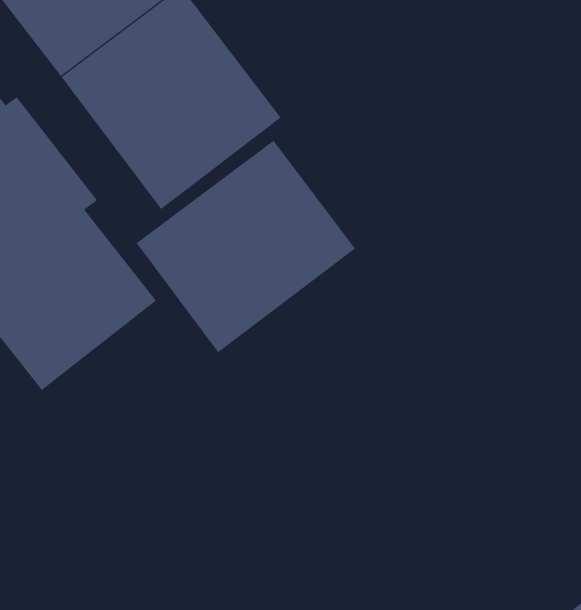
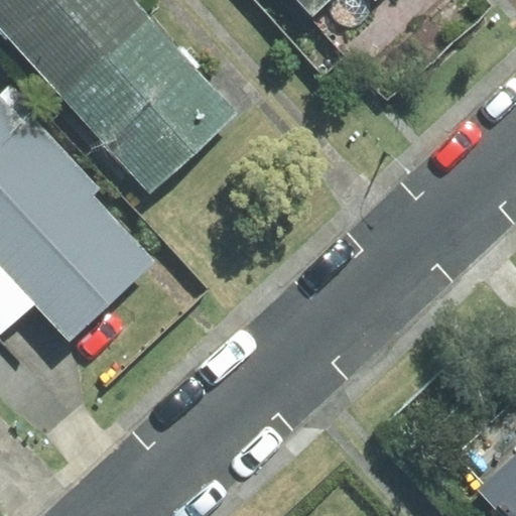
building: [136,140,356,353] -> none

